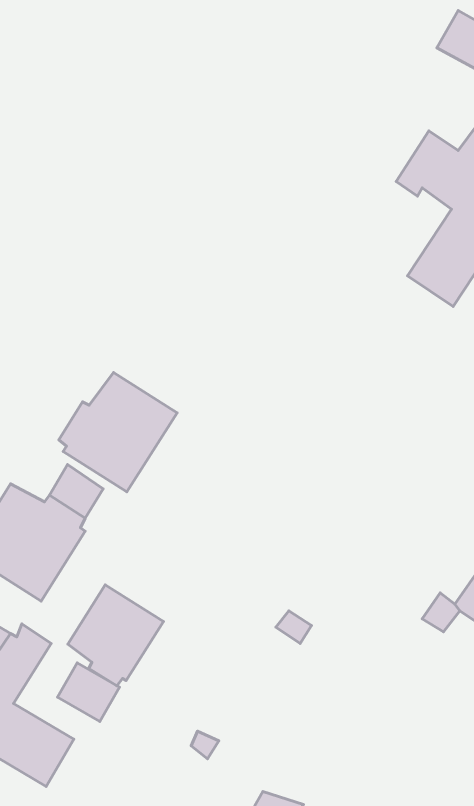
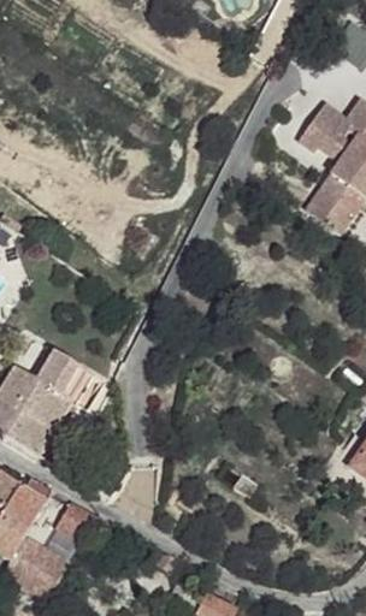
building: [59,372,177,492] -> none
building: [68,585,164,686] -> none

